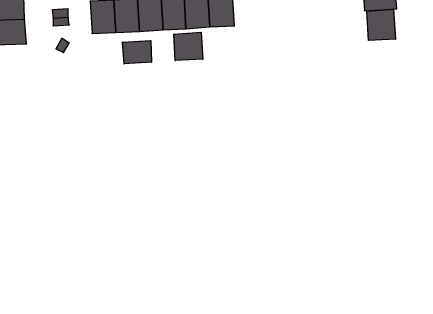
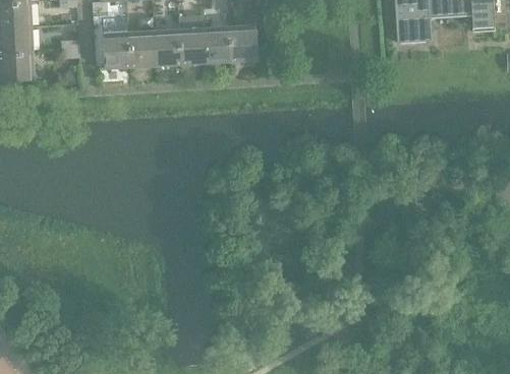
building: [367,9,395,40] -> none
building: [174,32,203,61] -> none
building: [123,41,151,64] -> none

